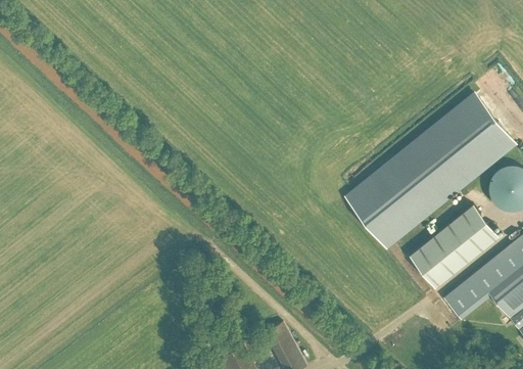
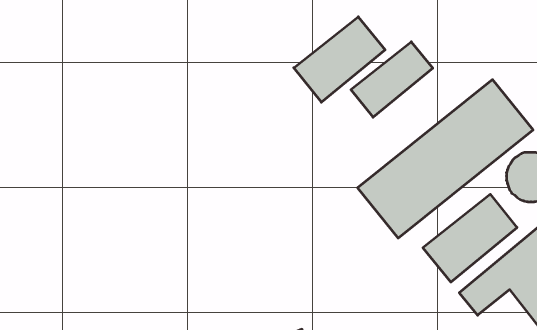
building: none -> [294,17,385,102]
building: none -> [351,42,433,117]

